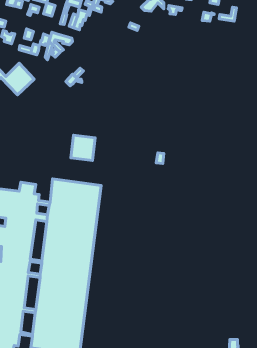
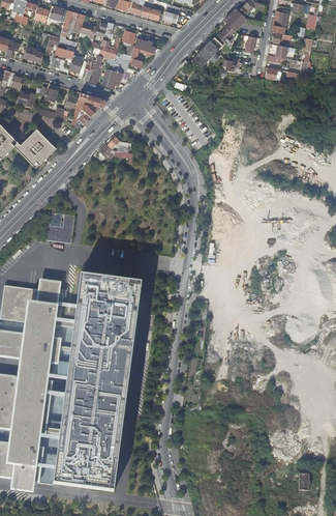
building: [71,135,95,160] -> [43,211,73,242]

